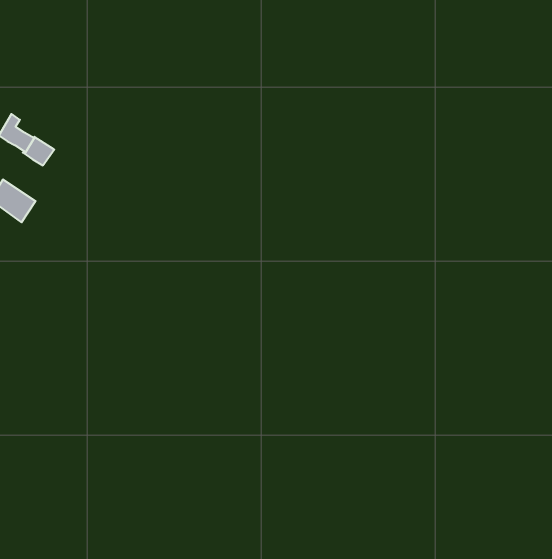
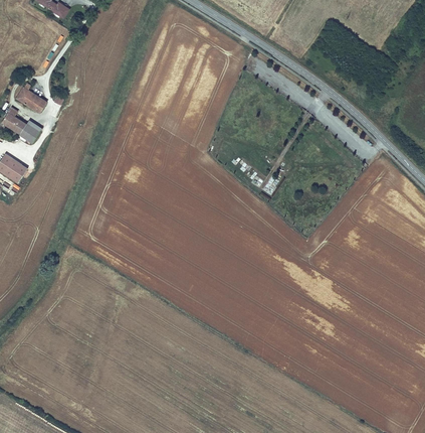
building: none -> [16,84,46,113]

